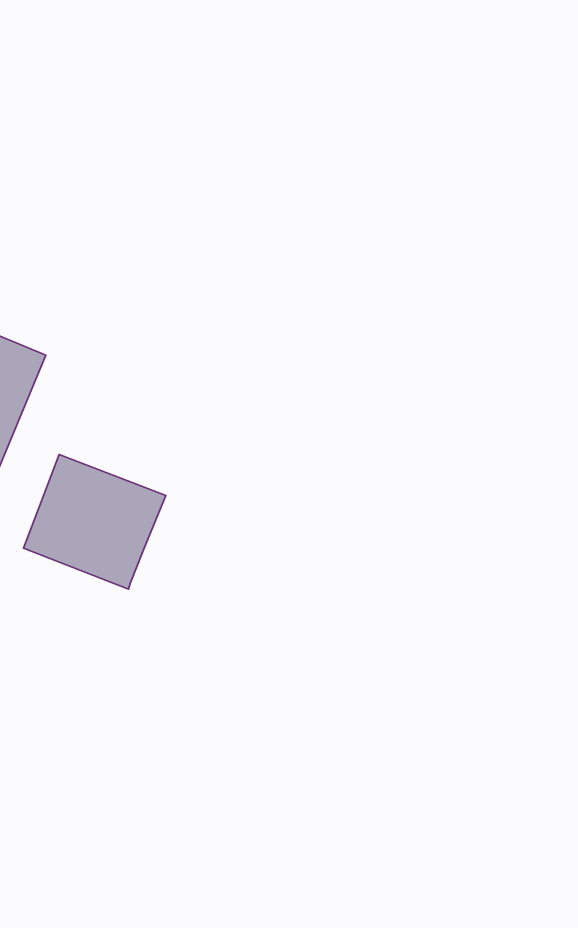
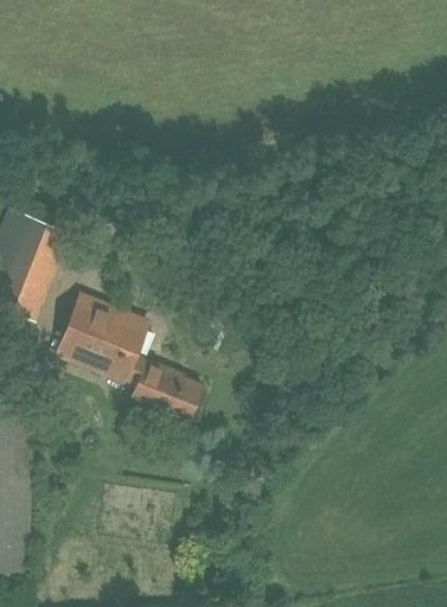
building: none -> [126,356,203,420]

